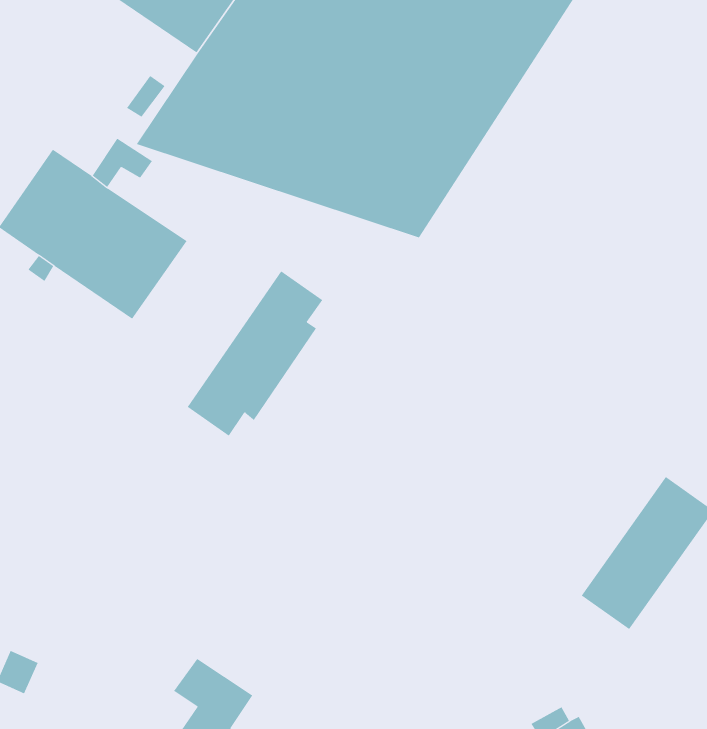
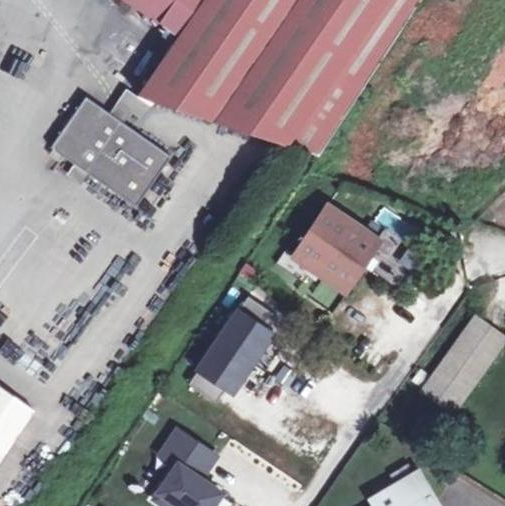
building: [187,271,323,437] -> [188,292,275,398]
building: none -> [294,202,377,284]

